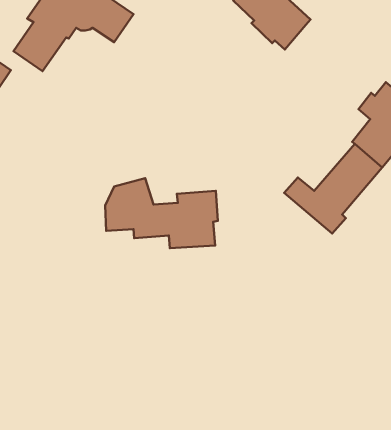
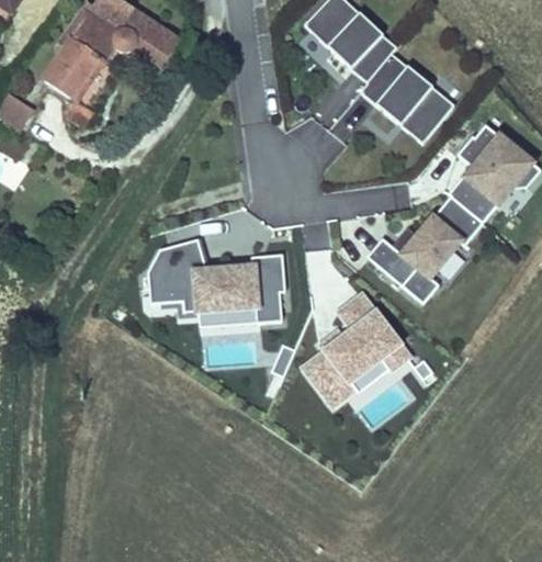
building: none -> [360,53,454,143]
building: none -> [296,283,410,406]

